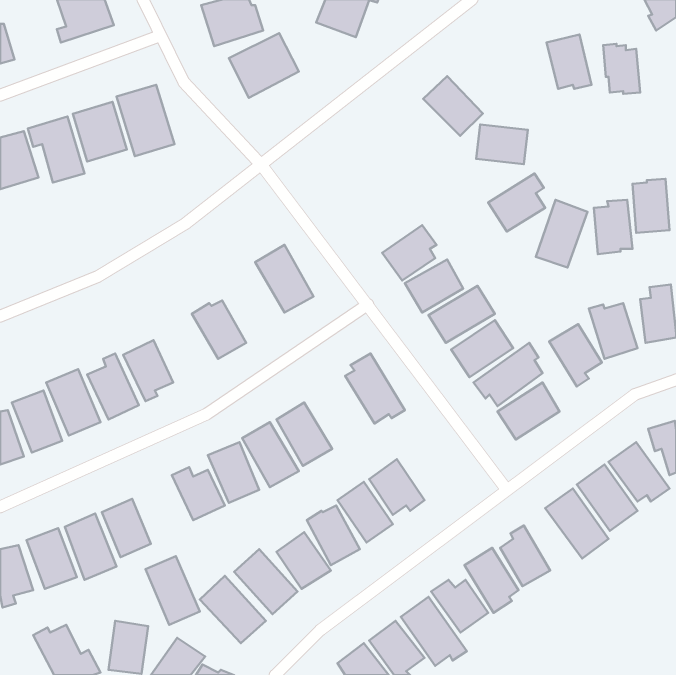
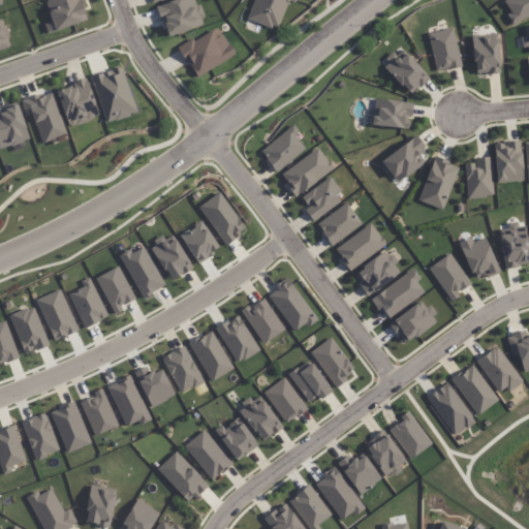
building: [423,76,483,136] -> [382,48,429,94]
building: none -> [259,126,307,172]
building: none -> [280,147,334,195]
building: none -> [179,219,220,262]
building: none -> [118,246,165,298]
building: none -> [242,297,284,343]
building: none -> [310,337,355,385]
building: [145,556,200,625] -> [107,374,150,428]

